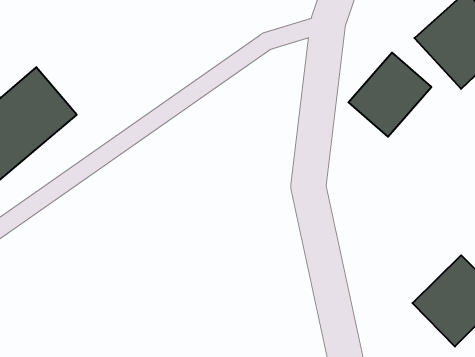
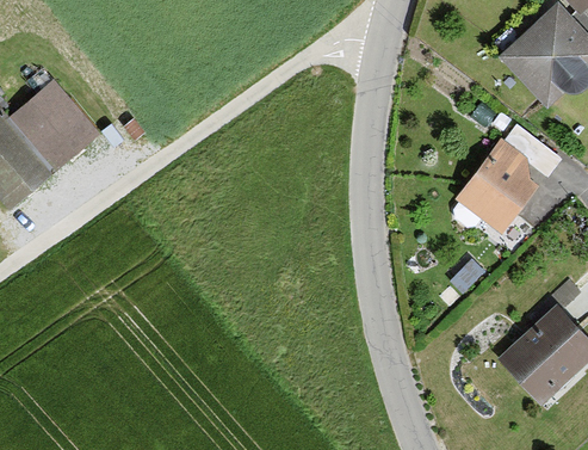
building: [348,53,431,137] -> [456,136,551,233]

